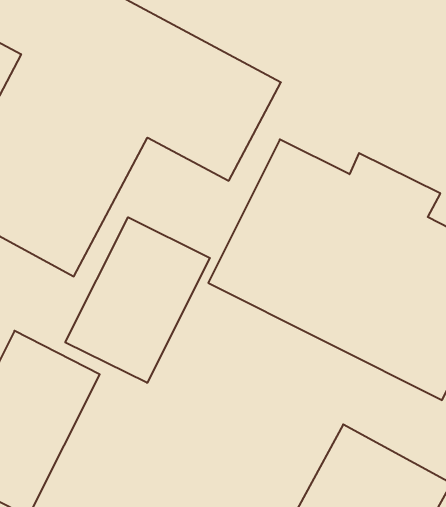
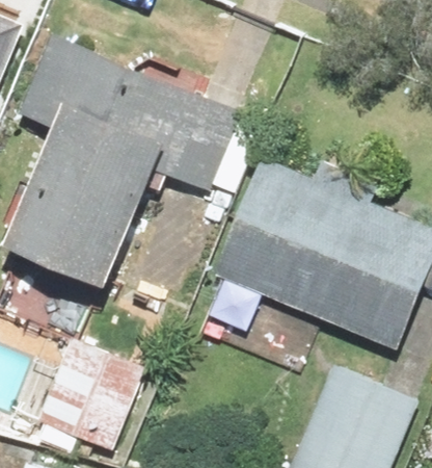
building: [65,217,210,383] -> none

